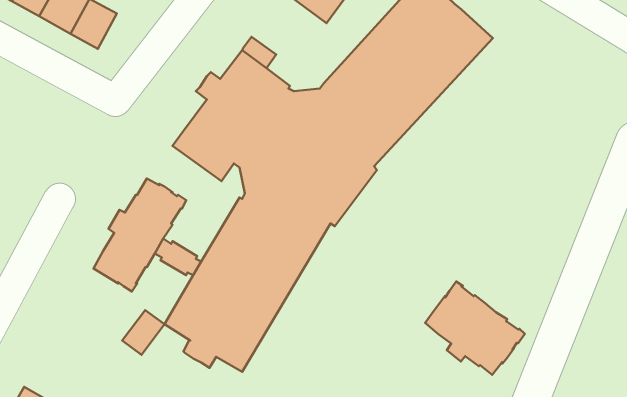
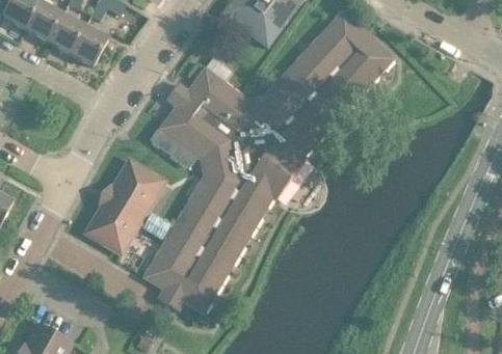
building: [425,281,525,375] -> none
building: [122,310,164,355] -> none

